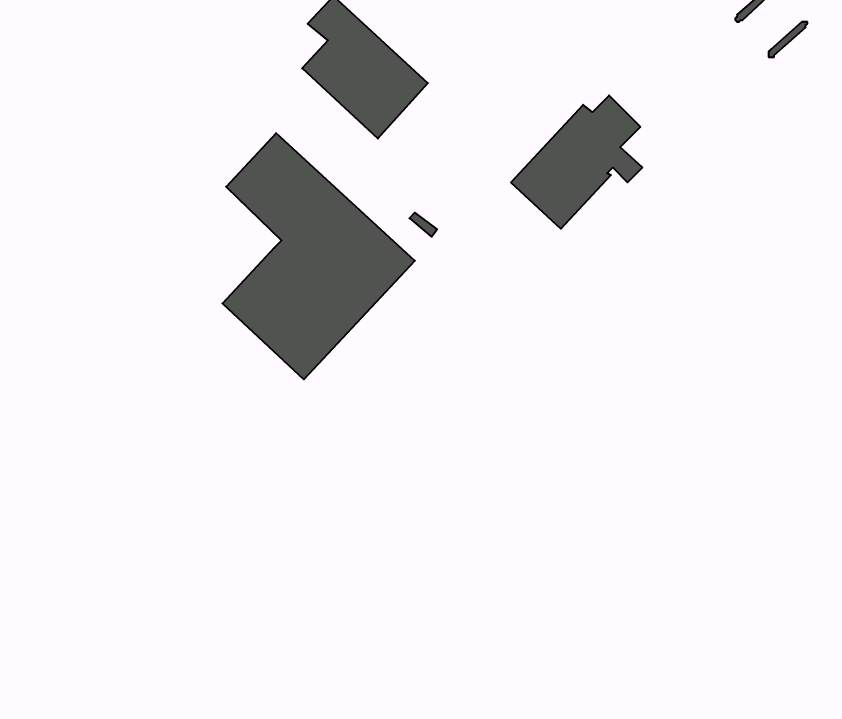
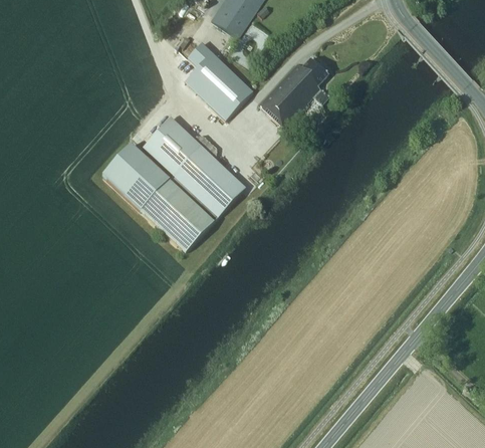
building: [511,95,642,229] -> [257,56,328,129]
building: none -> [103,144,169,209]

